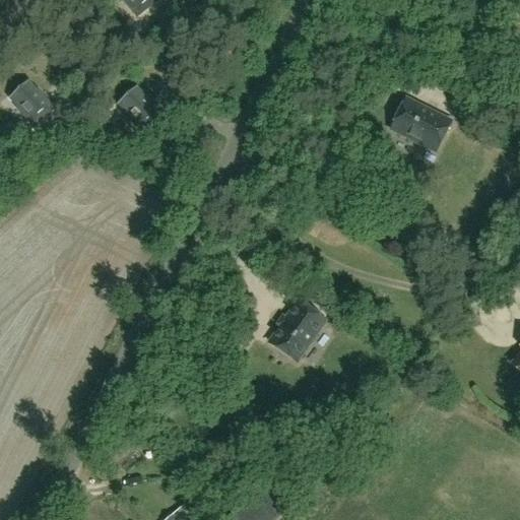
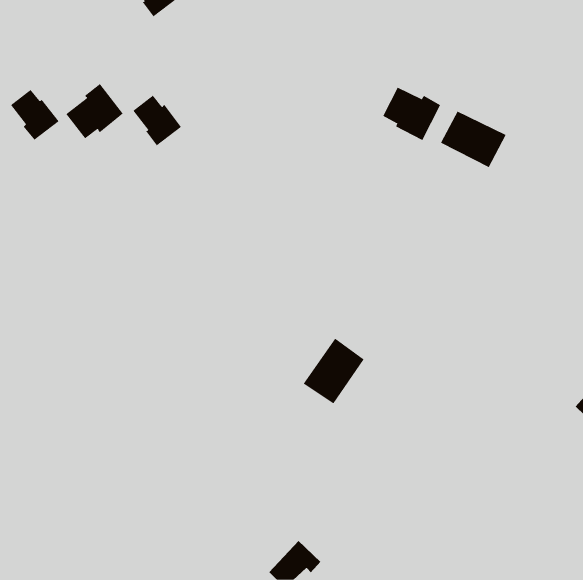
building: none -> [66,83,124,139]
building: none -> [382,87,441,141]

